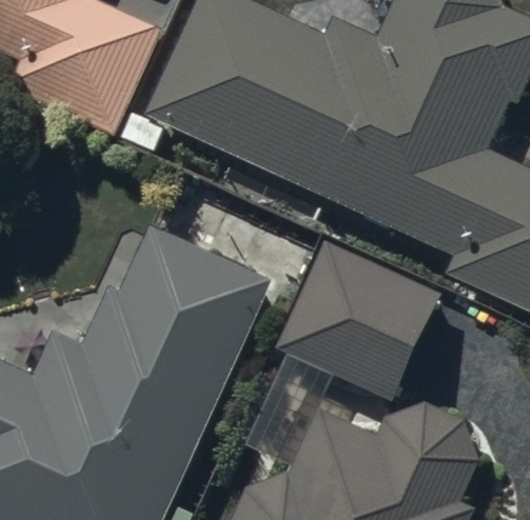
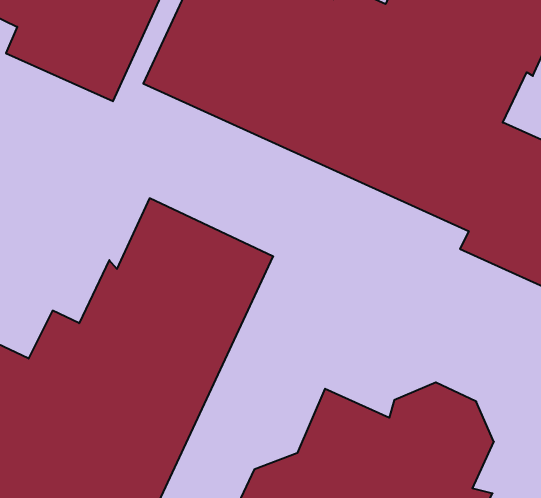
building: [275,241,444,402] -> none

